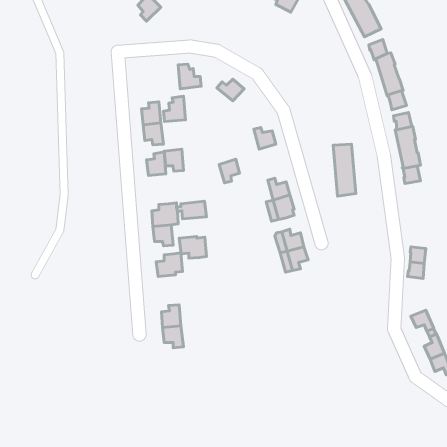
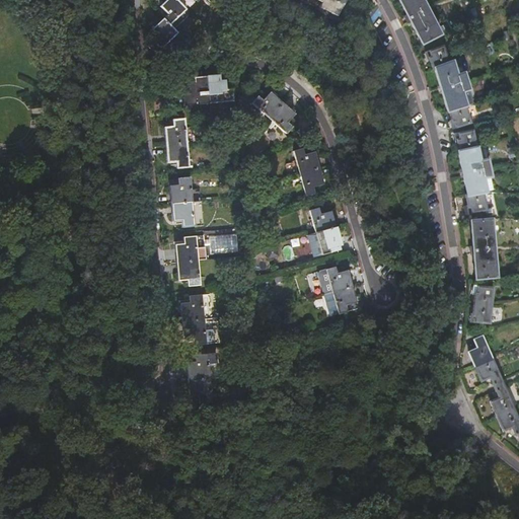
building: none -> [152,17,178,49]
building: none -> [271,102,296,132]
building: [163,96,185,122] -> [184,75,210,104]
building: [333,144,356,196] -> [471,218,498,278]
building: [164,149,183,171] -> [173,201,196,226]
building: [219,159,239,183] -> [301,166,324,194]
building: [179,236,206,258] -> [184,317,216,343]
building: none -> [470,335,494,365]

